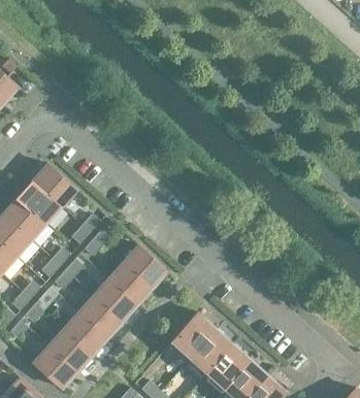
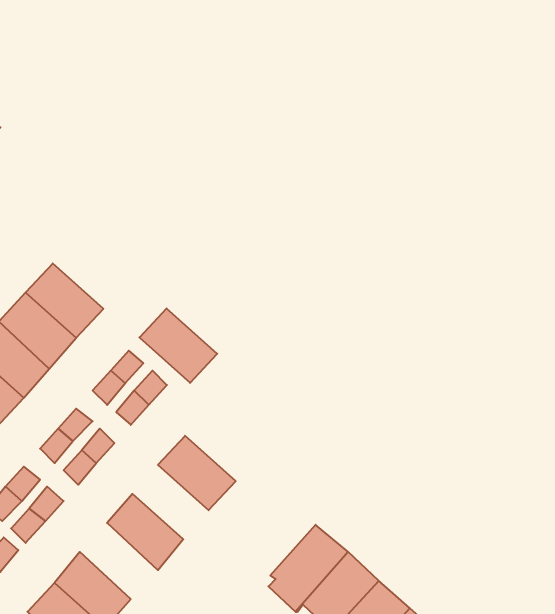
building: [123,245,167,288] -> [139,308,217,383]
building: [93,278,136,321] -> none
building: [63,311,107,355] -> none

